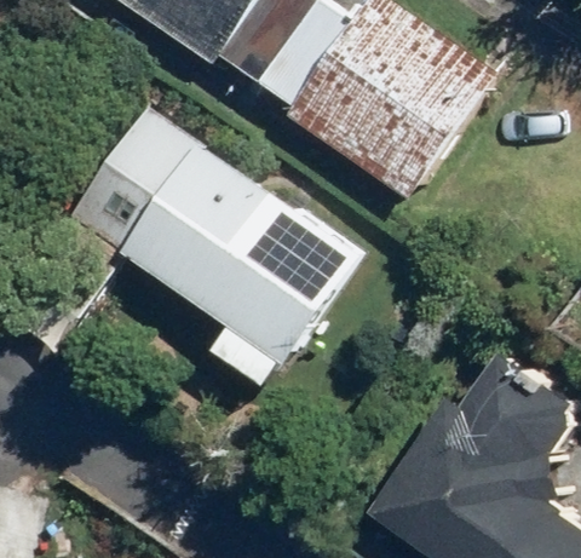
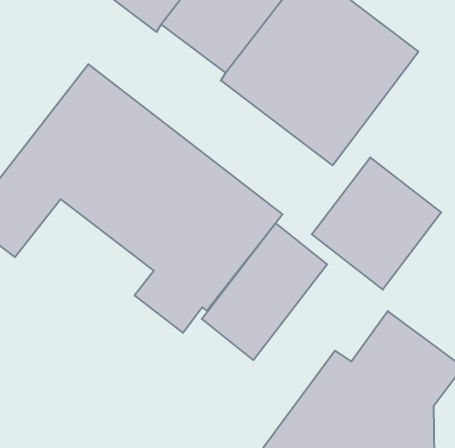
building: none -> [312,157,441,290]
building: none -> [202,223,327,360]

